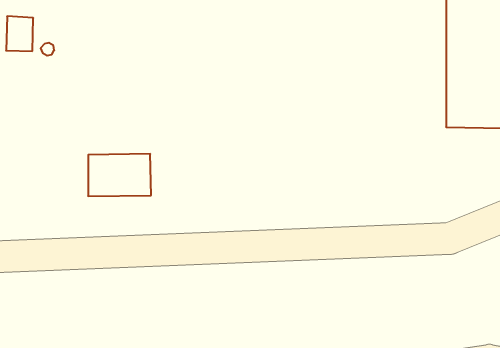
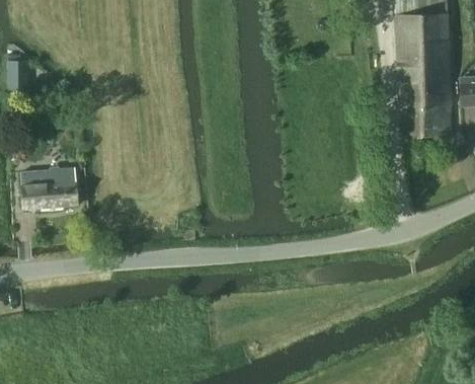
building: [88,154,151,196] -> [20,166,78,207]

